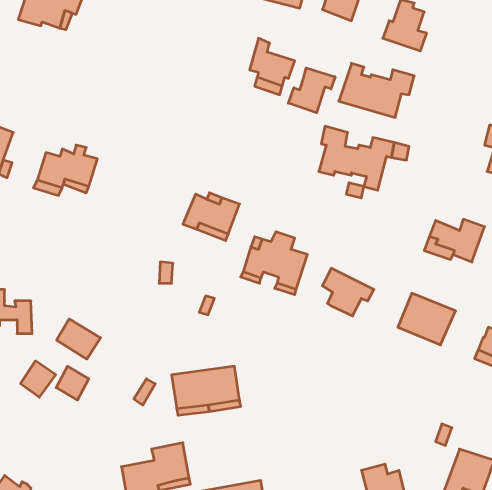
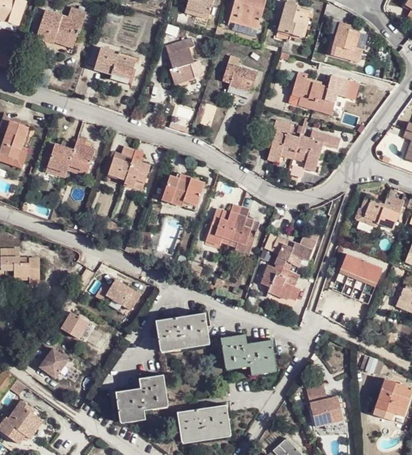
building: none -> [163,35,193,82]
building: none -> [90,45,134,76]
building: [288,68,335,113] -> none
building: none -> [110,145,154,186]
building: none -> [266,265,304,300]
building: [57,319,101,359] -> [104,281,139,313]
building: [21,361,56,397] -> [42,349,70,378]
building: none -> [220,334,274,369]

